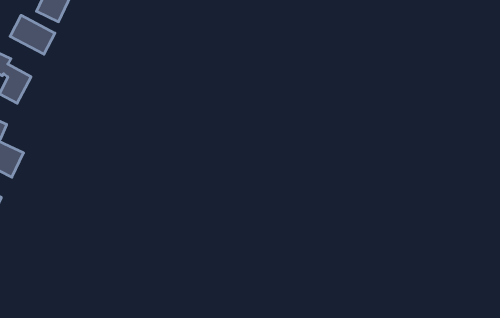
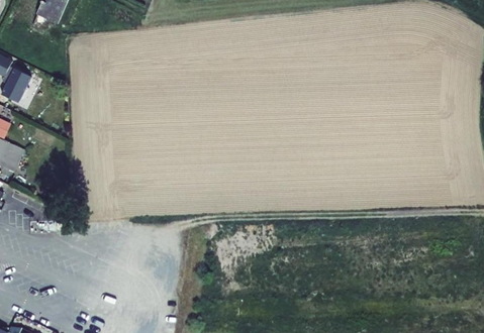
building: [10,15,55,54] -> none

